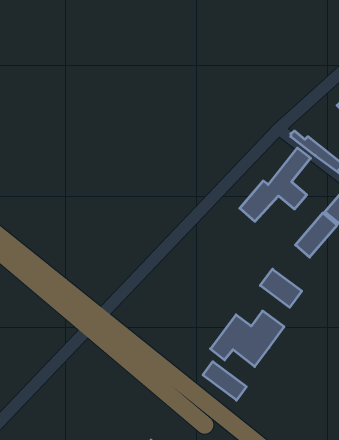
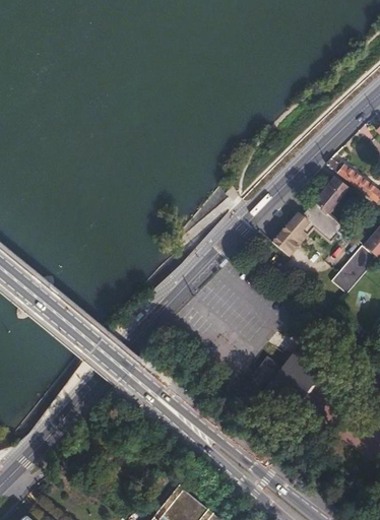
building: [260,269,302,307] -> none
building: [203,362,246,400] -> none

